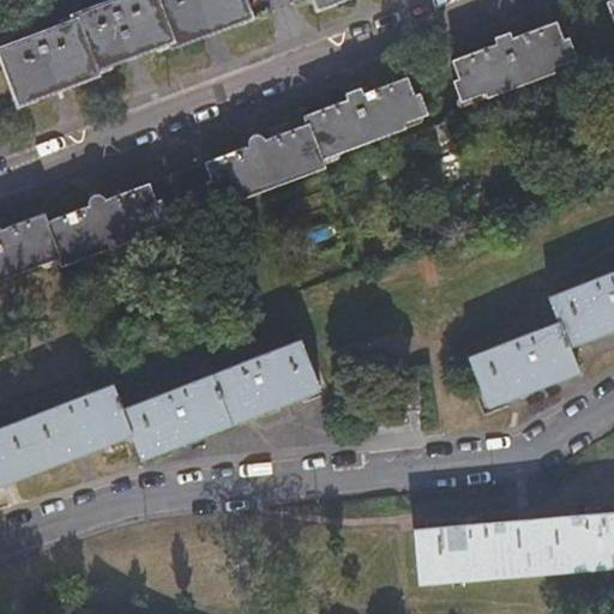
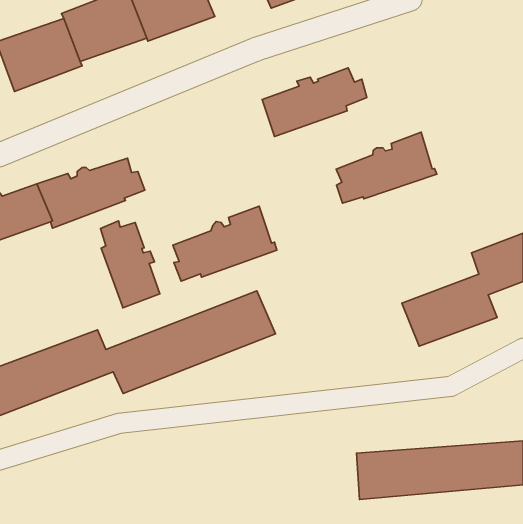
building: [455,23,574,101] -> none
building: [205,116,326,204] -> [173,206,277,281]
building: none -> [336,132,437,203]
building: none -> [101,221,160,308]

